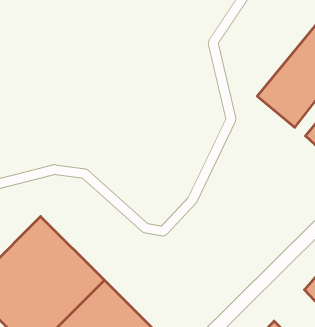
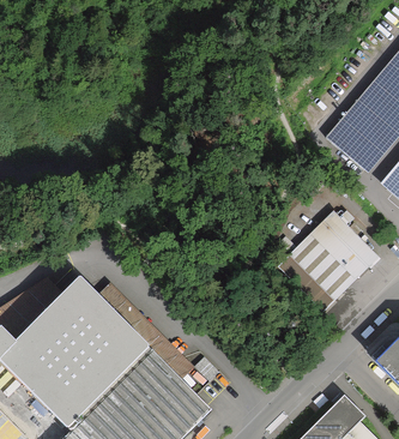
building: none -> [282,210,379,307]

